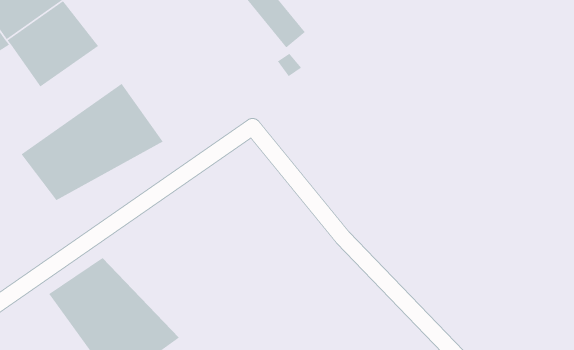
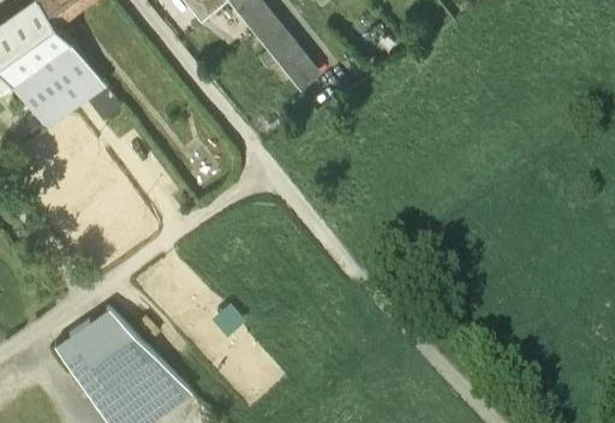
building: [20,83,164,201] -> none

